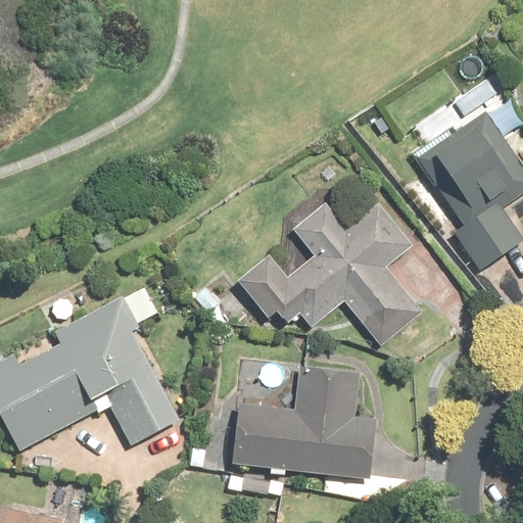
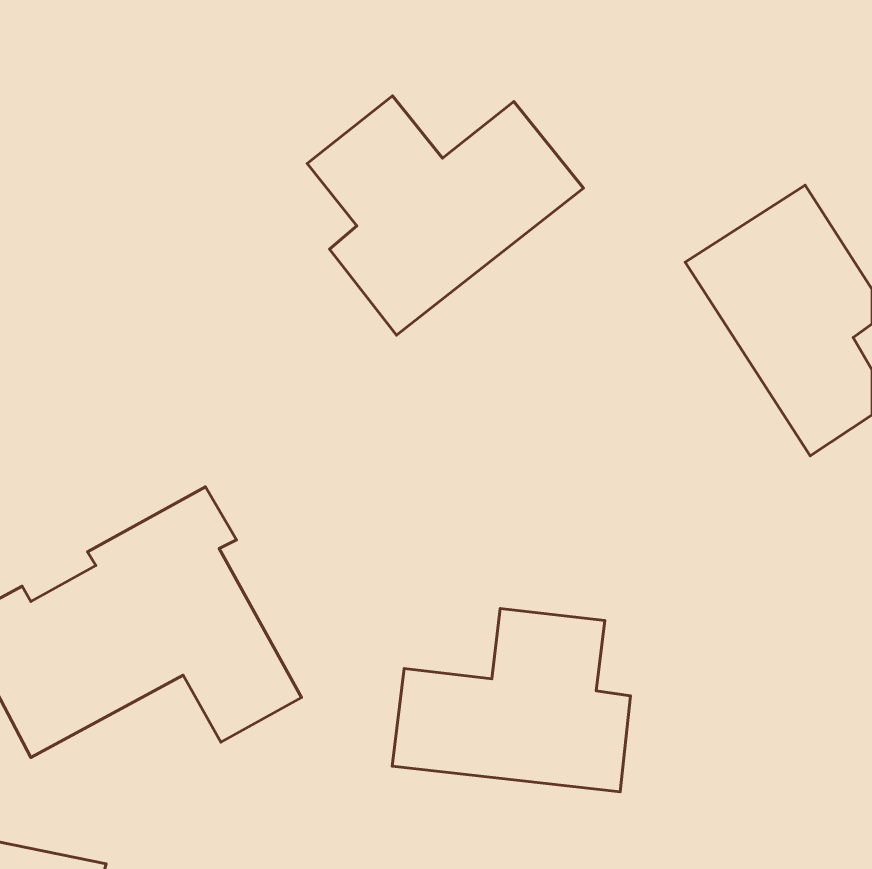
building: none -> [307,96,583,335]
building: [232,202,423,346] -> none

